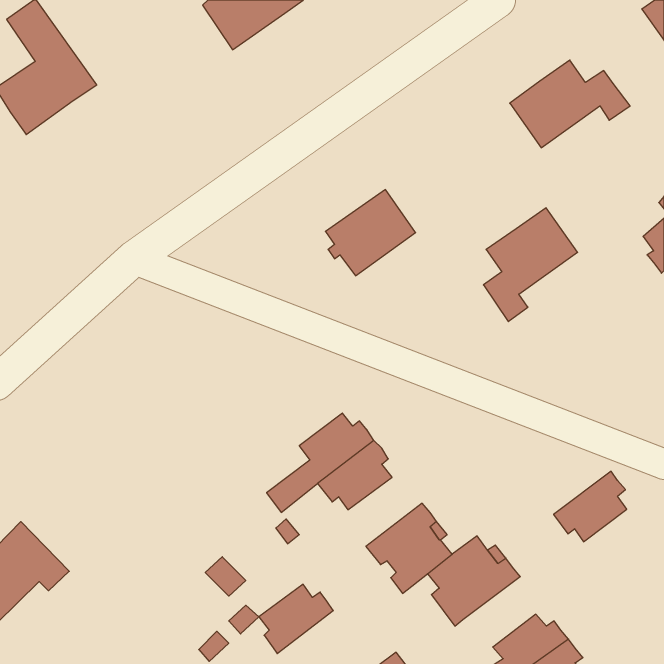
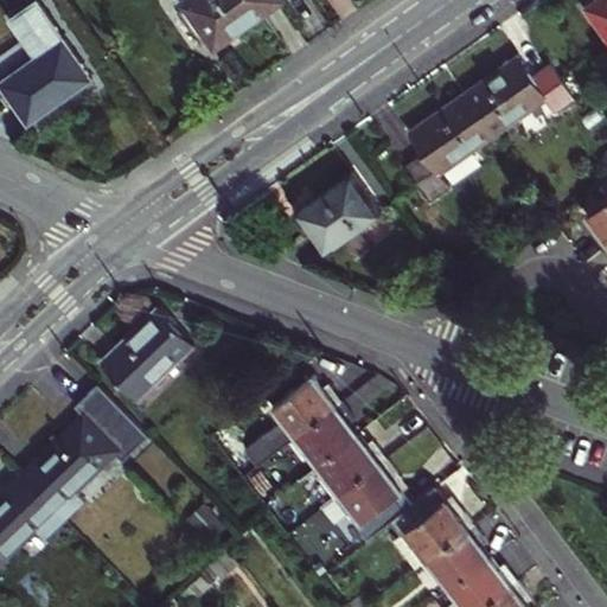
building: [483,208,578,322] -> [405,97,491,200]
building: none -> [100,311,191,402]
building: none -> [19,386,147,522]
building: [554,471,627,542] -> [420,526,486,590]
building: [259,584,333,654] -> [315,436,383,499]

